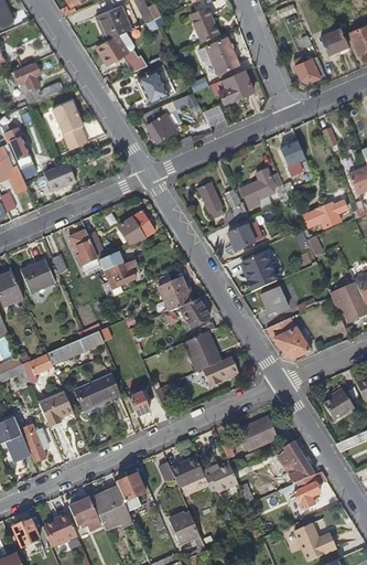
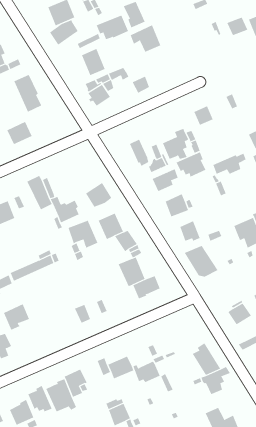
building: [293,55,326,82] -> none
building: [213,70,255,102] -> [96,15,129,40]
building: none -> [176,151,206,177]
building: [120,210,154,242] -> [85,182,112,208]
building: none -> [68,220,98,249]
building: [75,374,120,409] -> none
building: [238,415,278,450] -> none

